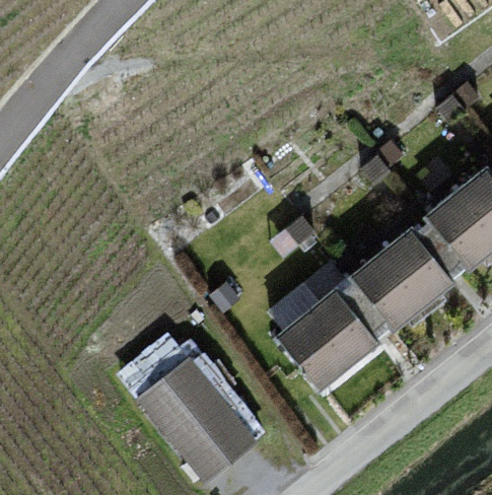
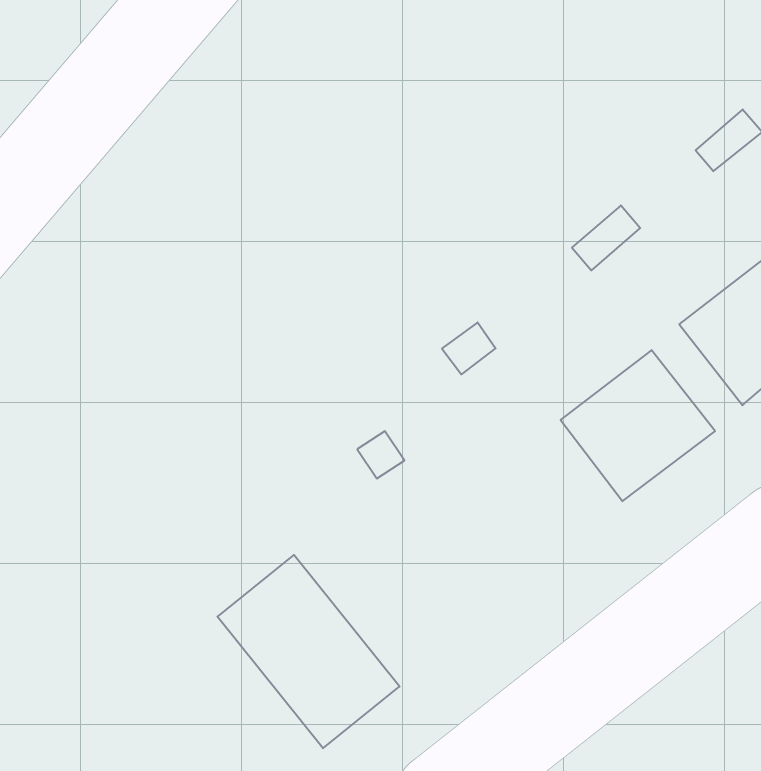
building: [279,290,375,384] -> none

